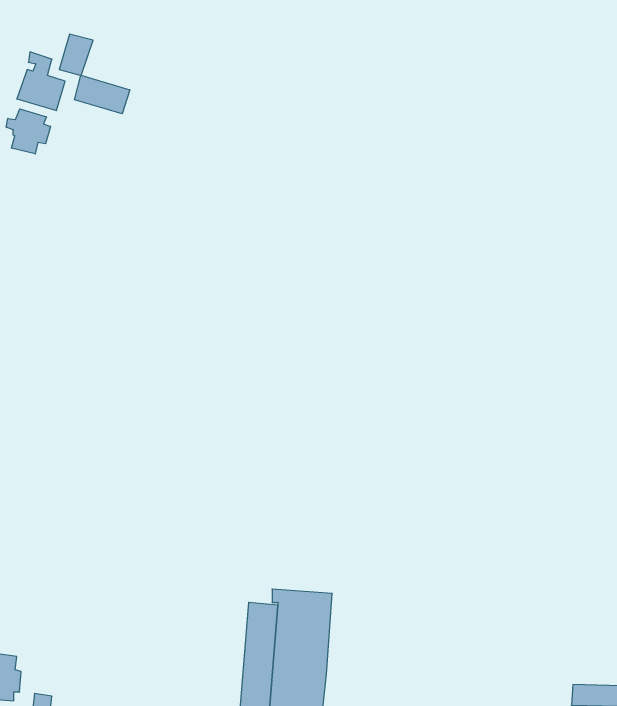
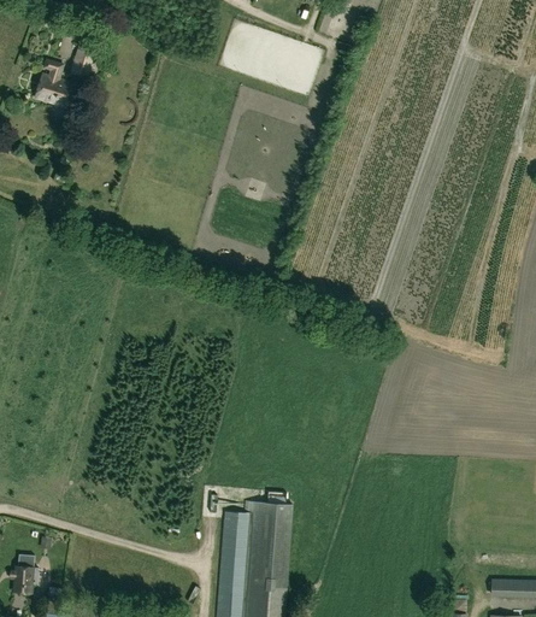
building: [75,75,130,114] -> none
building: [6,109,51,154] -> none

